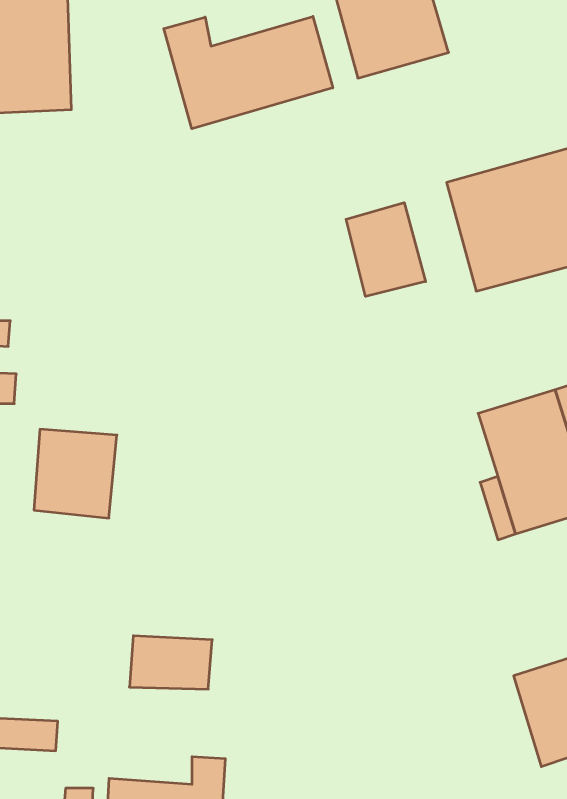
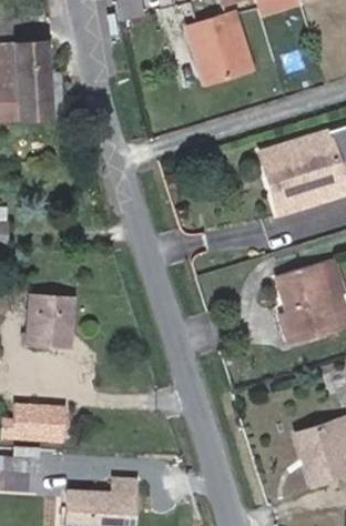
building: [164,16,333,129] -> none
building: [346,203,426,296] -> none
building: [129,636,212,689] -> [16,404,62,434]

